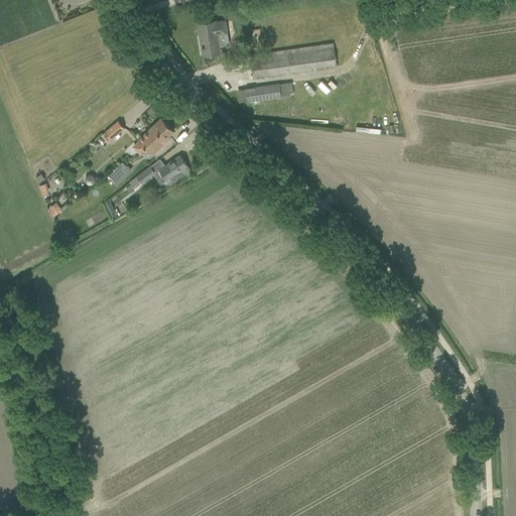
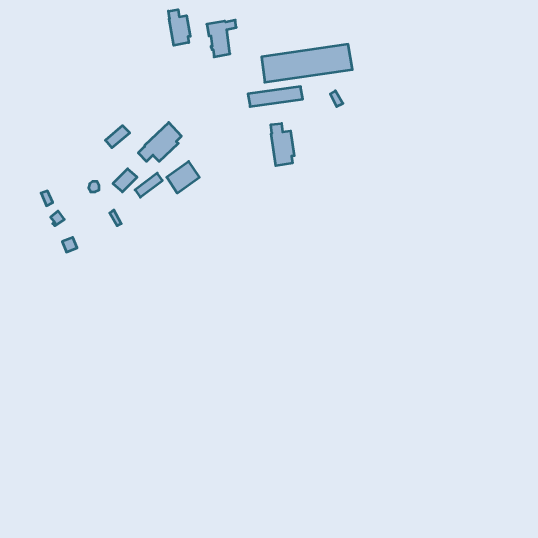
building: none -> [168,10,190,45]
building: none -> [271,123,294,166]

